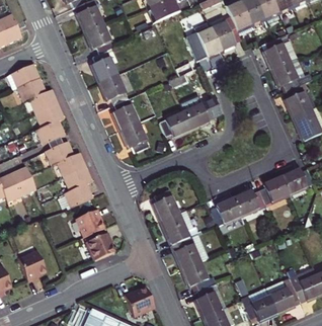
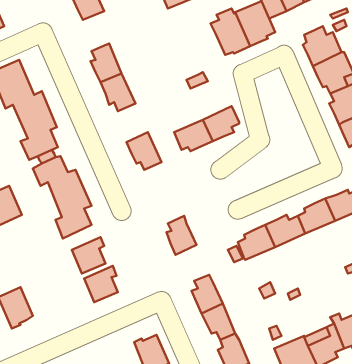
building: [85,24,113,54] -> none
building: [112,99,138,131] -> none
building: [160,214,187,243] -> none

